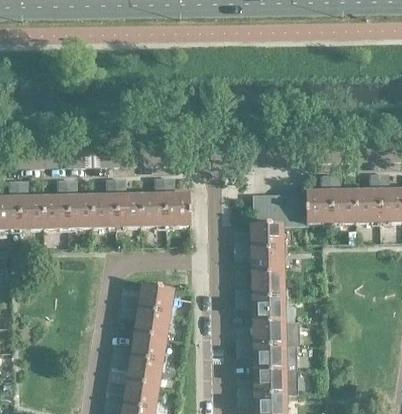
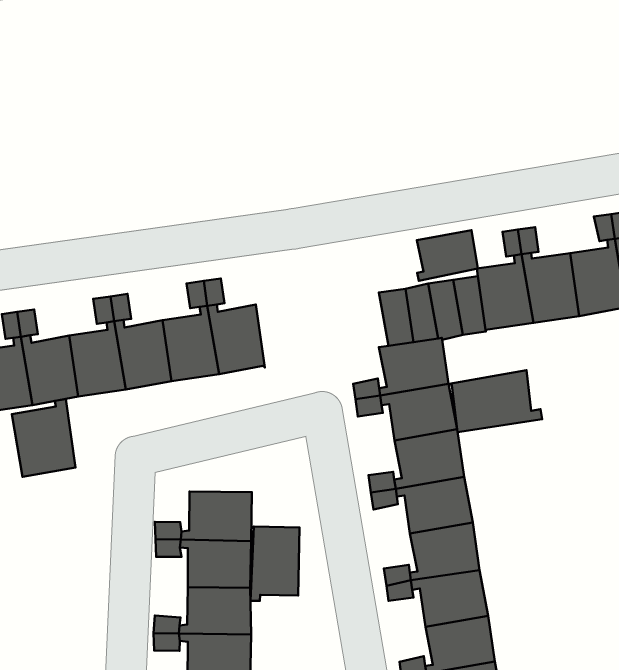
building: none -> [417,230,478,281]
building: none -> [12,399,76,477]
building: none -> [449,370,542,432]
building: none -> [250,527,300,601]

